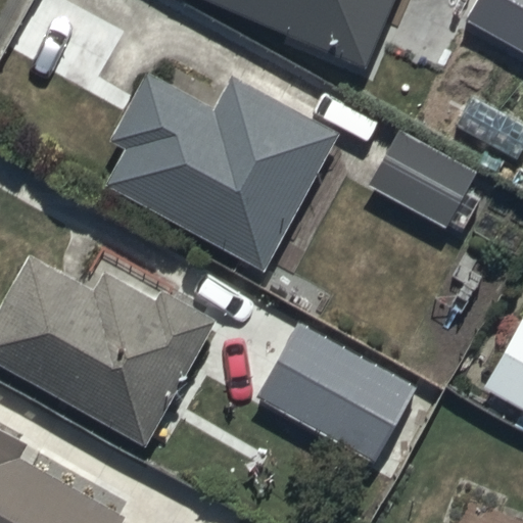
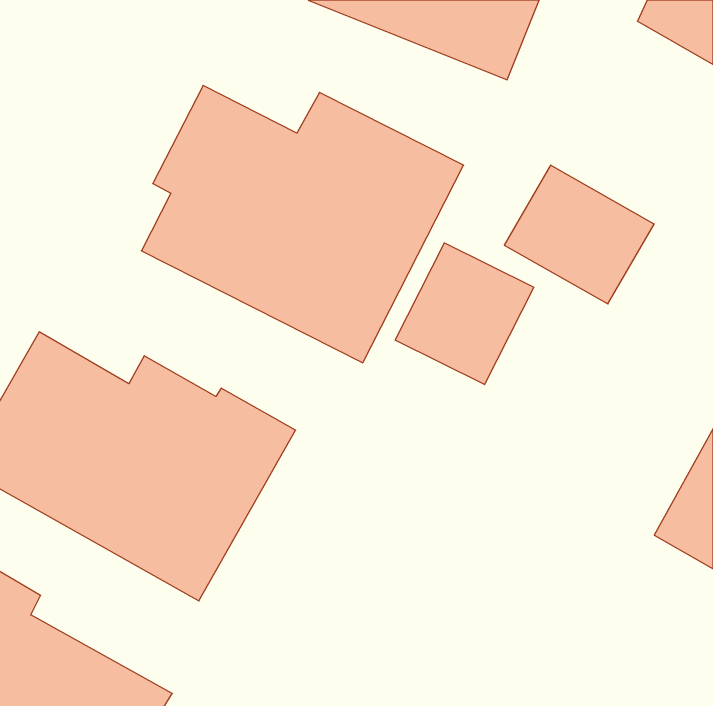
building: none -> [395,243,534,385]
building: [256,323,441,478] -> none

